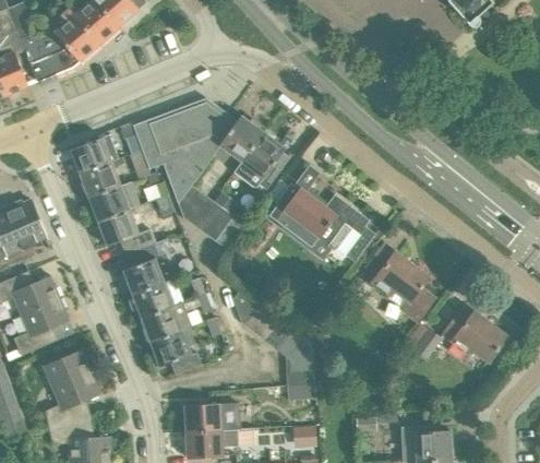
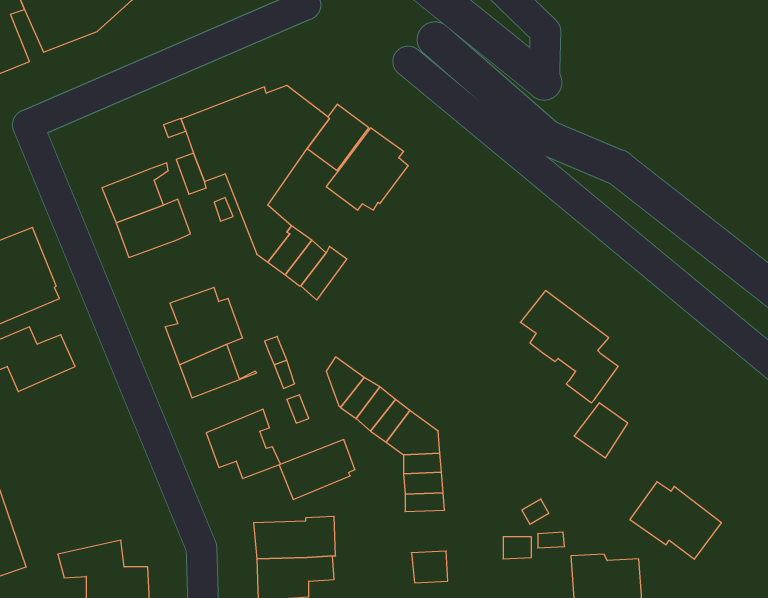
building: [70,134,118,174] -> none
building: [265,166,376,263] -> none
building: [97,210,156,253] -> none
building: [13,297,70,355] -> none
building: [141,301,193,343] -> [279,440,355,500]
building: [444,308,507,361] -> [630,482,721,559]
building: [41,348,101,427] -> none

